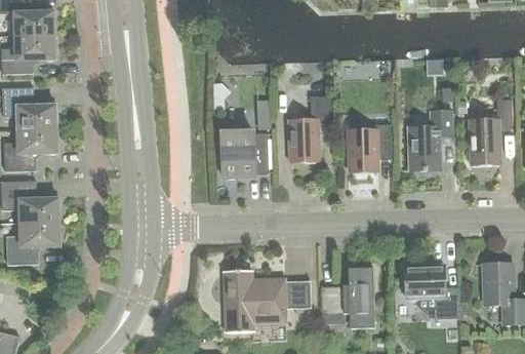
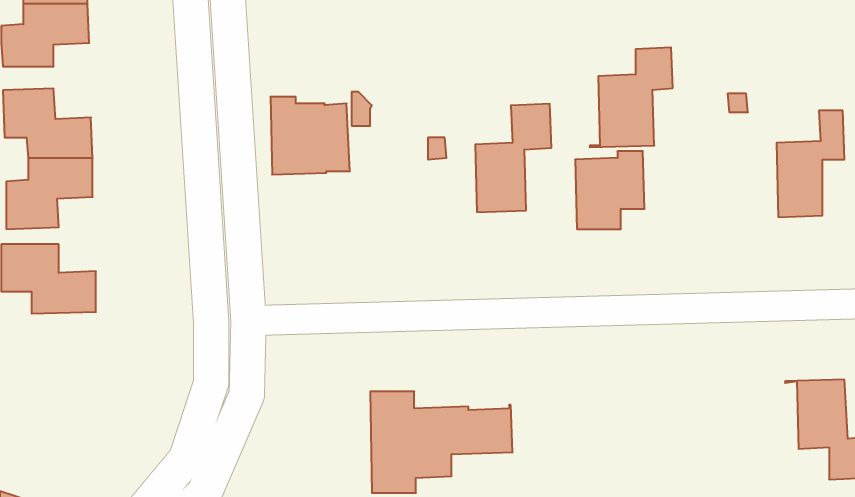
building: [402,110,452,170] -> [590,47,673,147]
building: [220,128,269,175] -> [270,97,350,175]
building: [6,222,59,265] -> none
building: [401,265,459,318] -> none
building: [321,267,374,328] -> none

